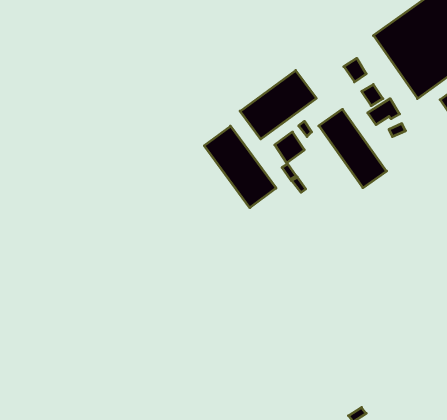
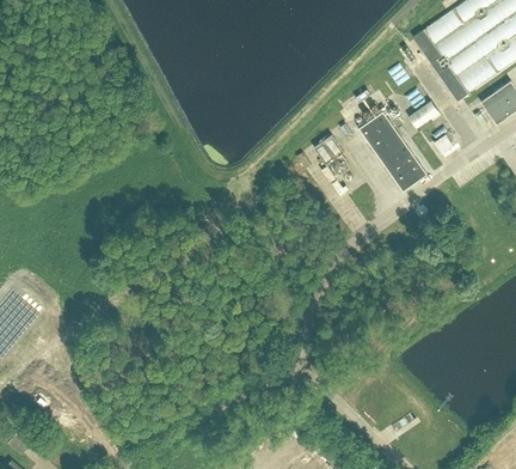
building: [240,70,316,139] -> none
building: [204,126,276,208] -> none

